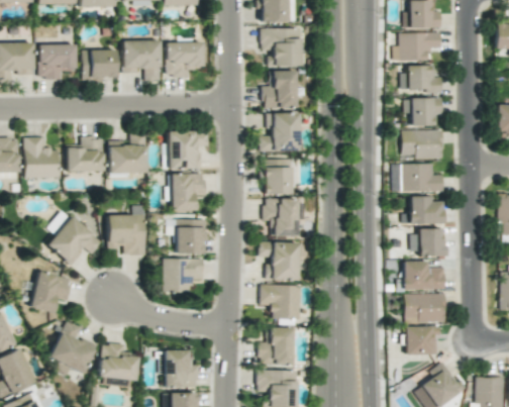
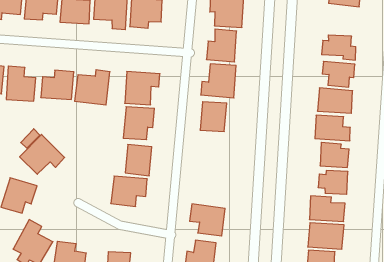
building: [393,32,441,61] -> none
building: [264,198,298,235] -> none
building: [107,207,146,256] -> none
building: [259,241,299,281] -> none

